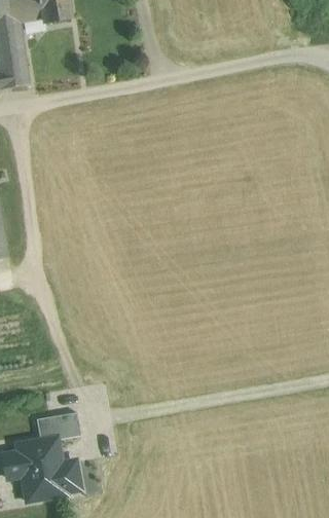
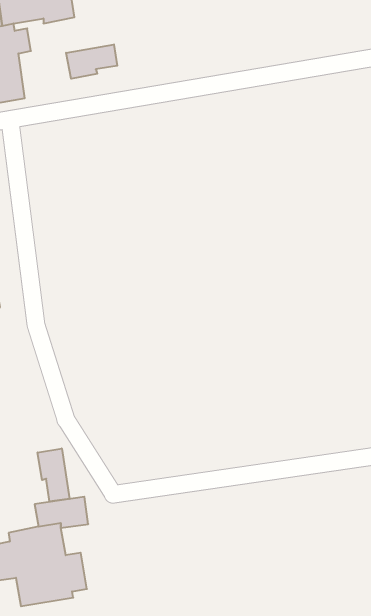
building: none -> [66,44,117,79]
building: none -> [38,448,69,502]

